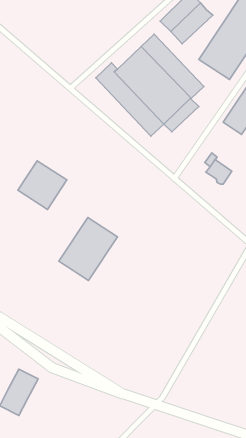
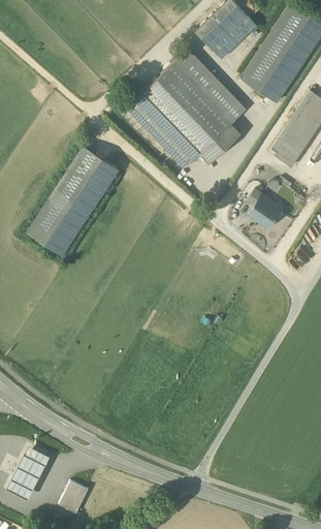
building: [59,218,117,280] -> [50,147,119,221]
building: none -> [59,481,88,514]

